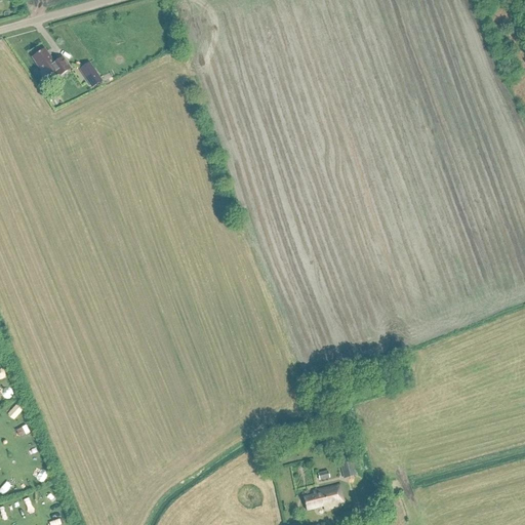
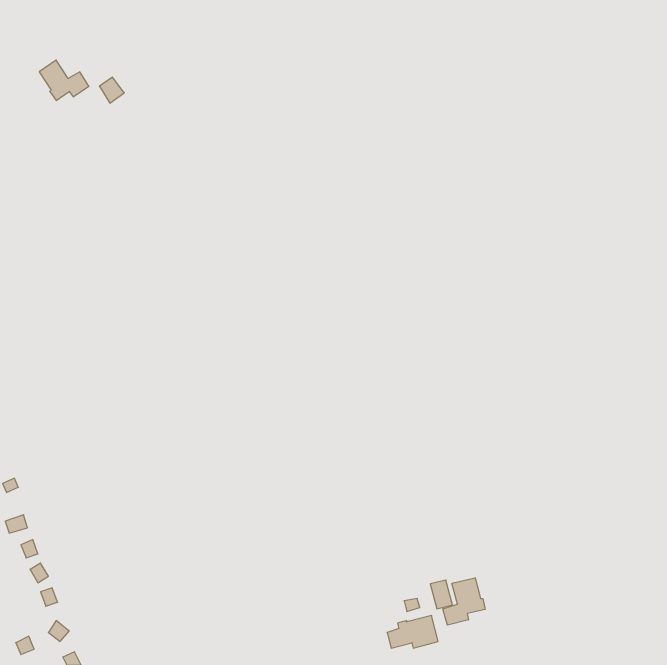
building: none -> [443,578,485,625]

